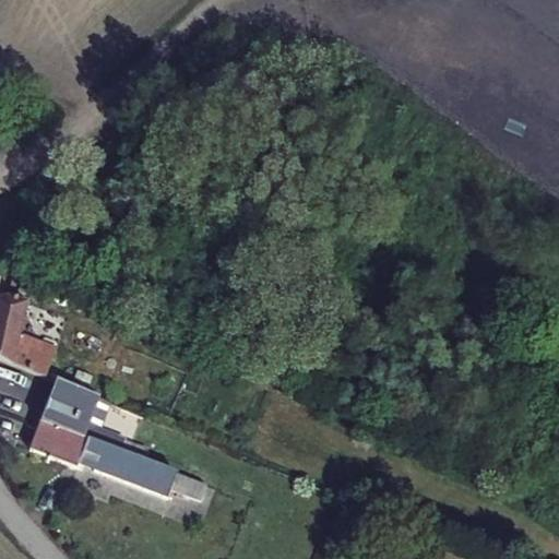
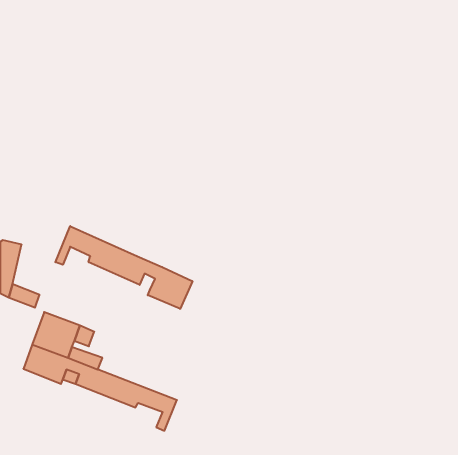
building: none -> [55,226,192,309]

